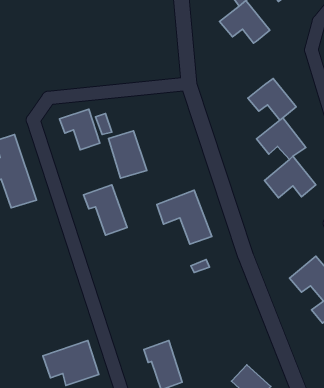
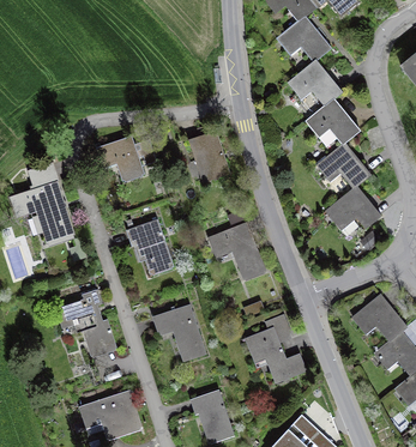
building: none -> [287,60,342,108]
building: [108,131,147,178] -> [187,133,229,185]
building: none -> [59,286,116,354]
building: none -> [152,302,206,358]
building: none -> [243,312,306,380]

